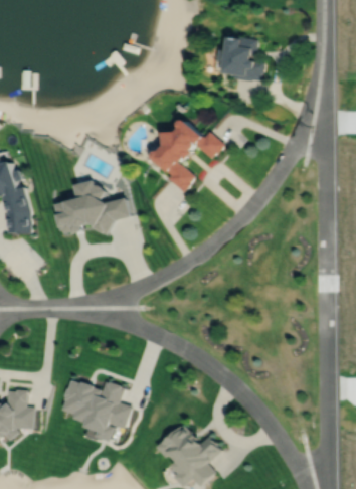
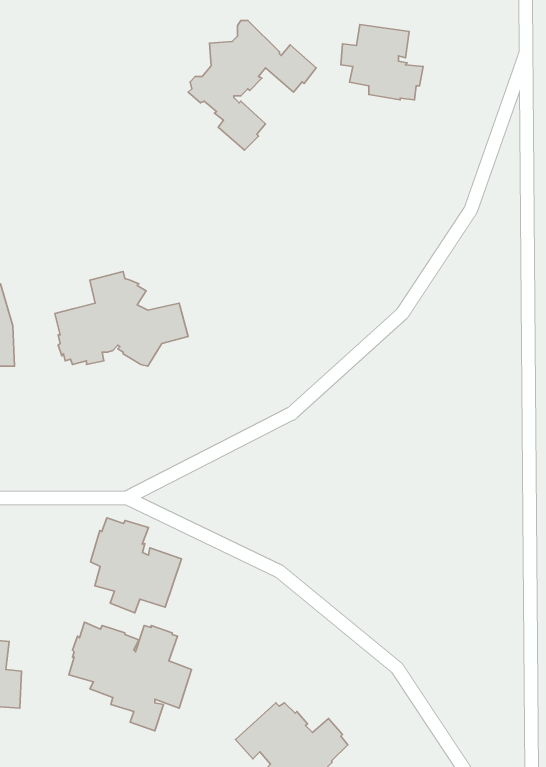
building: [150,117,223,191] -> [188,20,316,150]
building: none -> [90,518,181,613]

